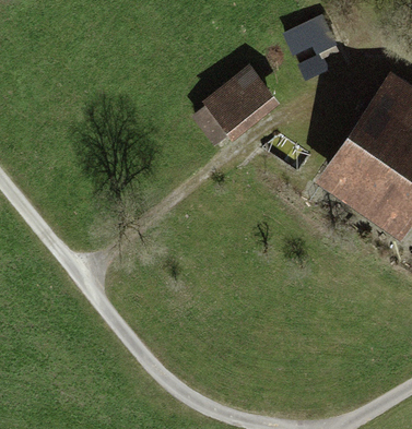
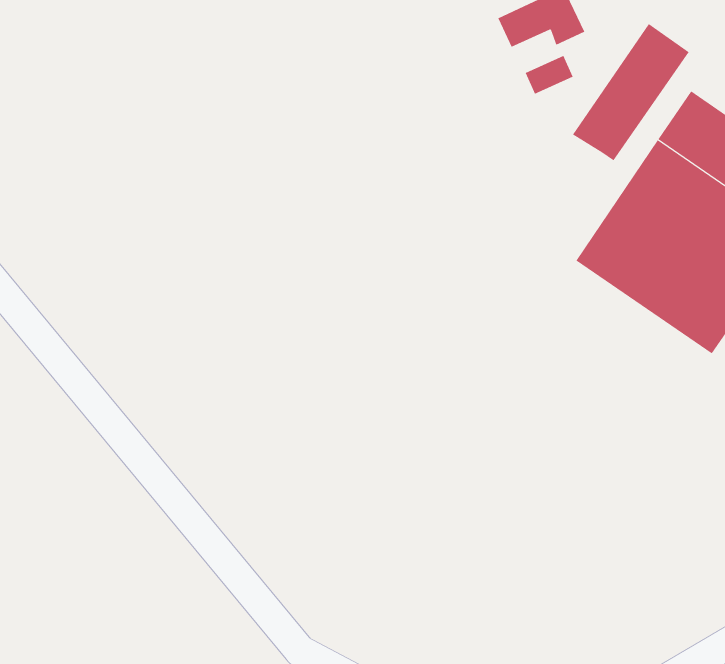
building: none -> [572,23,690,161]
building: [210,79,269,134] -> none

